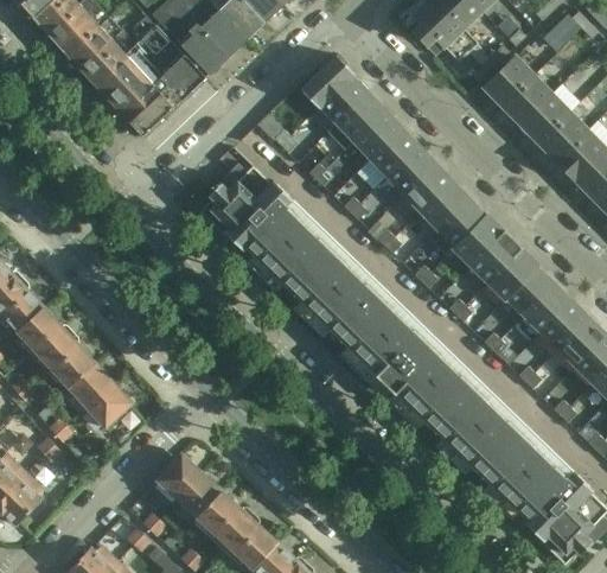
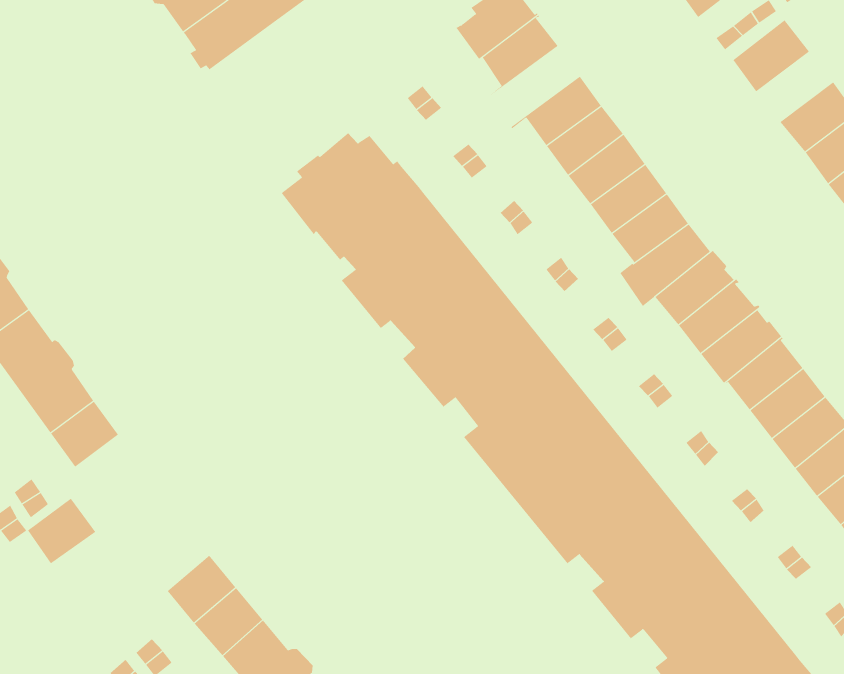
building: [501,76,551,125] -> none
building: [327,93,385,149] -> none
building: [87,382,132,427] -> [27,498,96,564]

